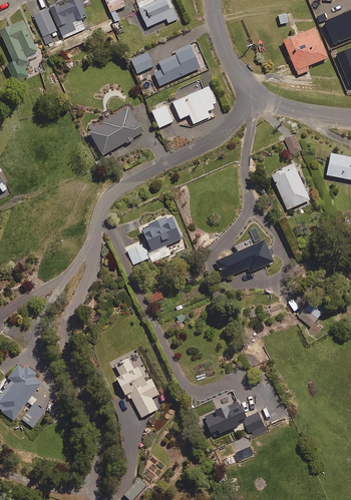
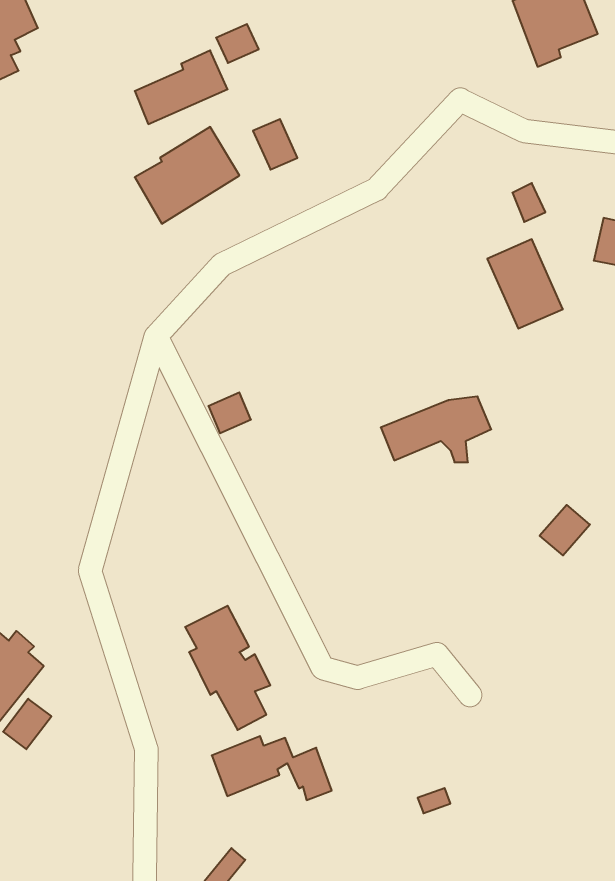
building: [151,47,200,85] -> [135,50,228,124]
building: [172,86,218,123] -> none
building: [140,215,182,252] -> none
building: [204,405,266,438] -> [212,736,332,800]

